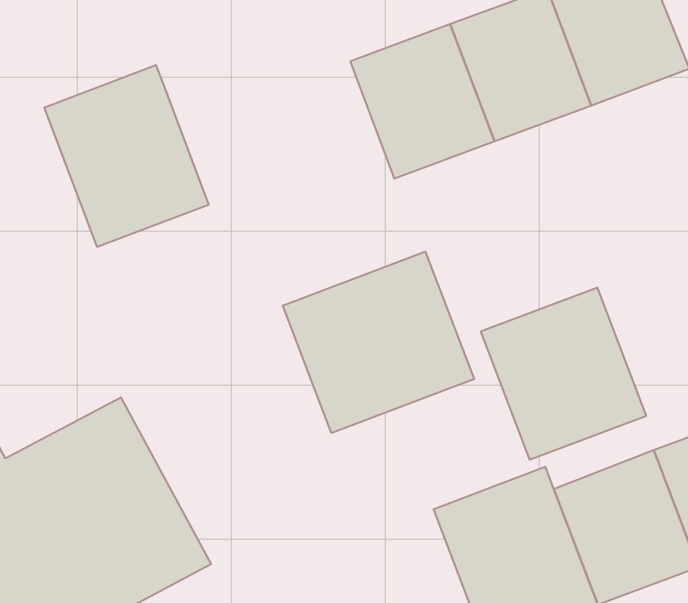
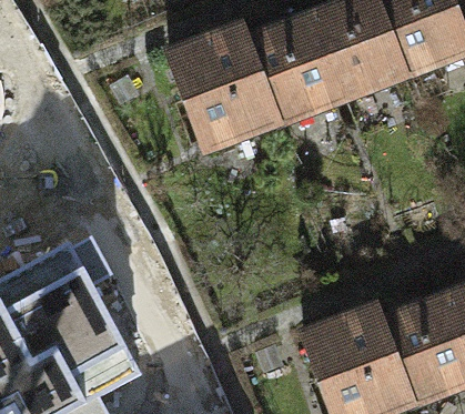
building: [44,65,209,247] -> [164,28,272,147]
building: [283,252,474,433] -> none
building: [481,287,646,460] -> none

